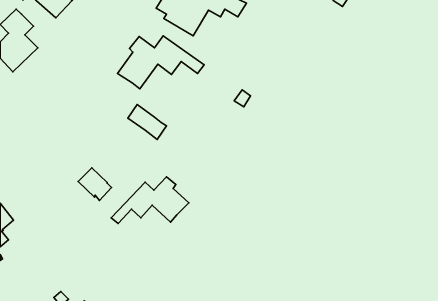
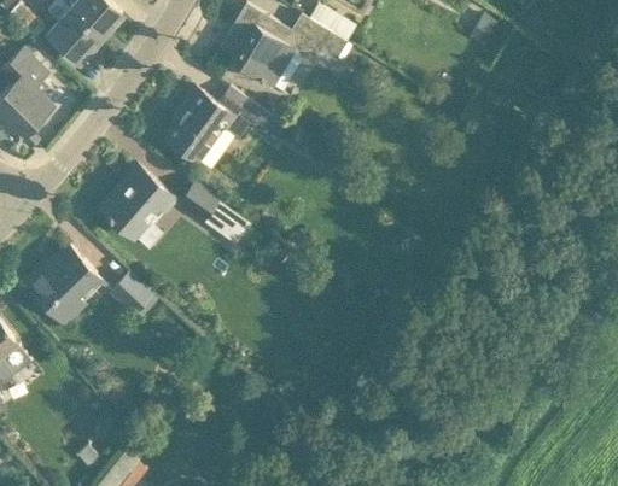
building: none -> [104,165,176,238]
building: none -> [25,247,97,322]
building: [111,177,189,224] -> none

